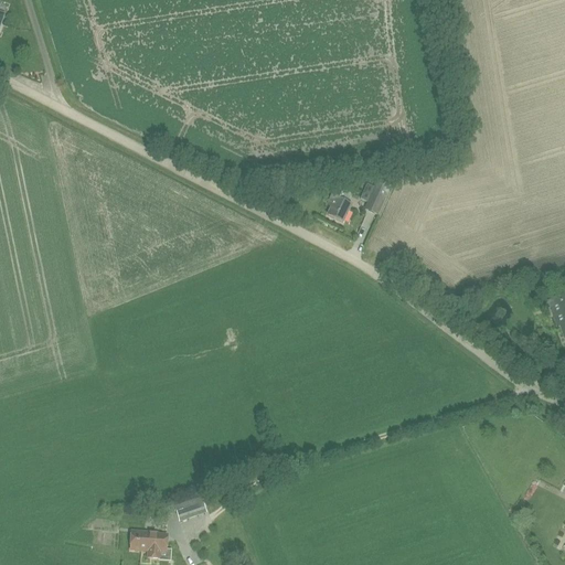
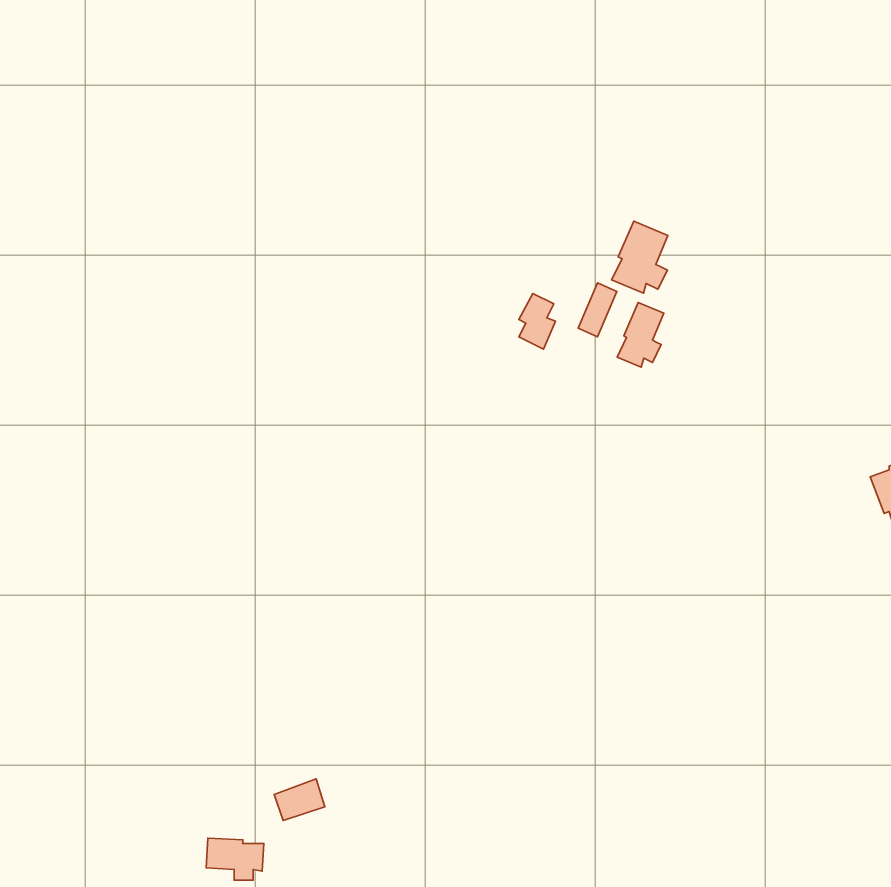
building: none -> [612,221,668,293]
building: none -> [617,303,664,367]

